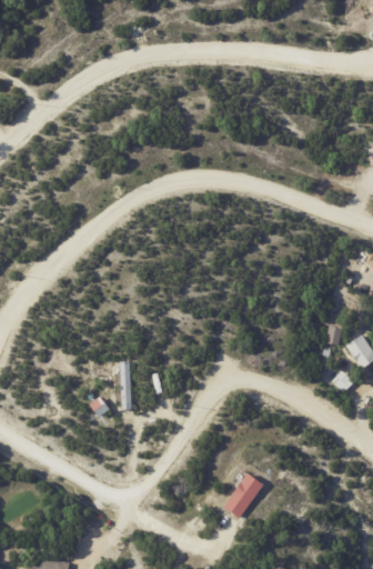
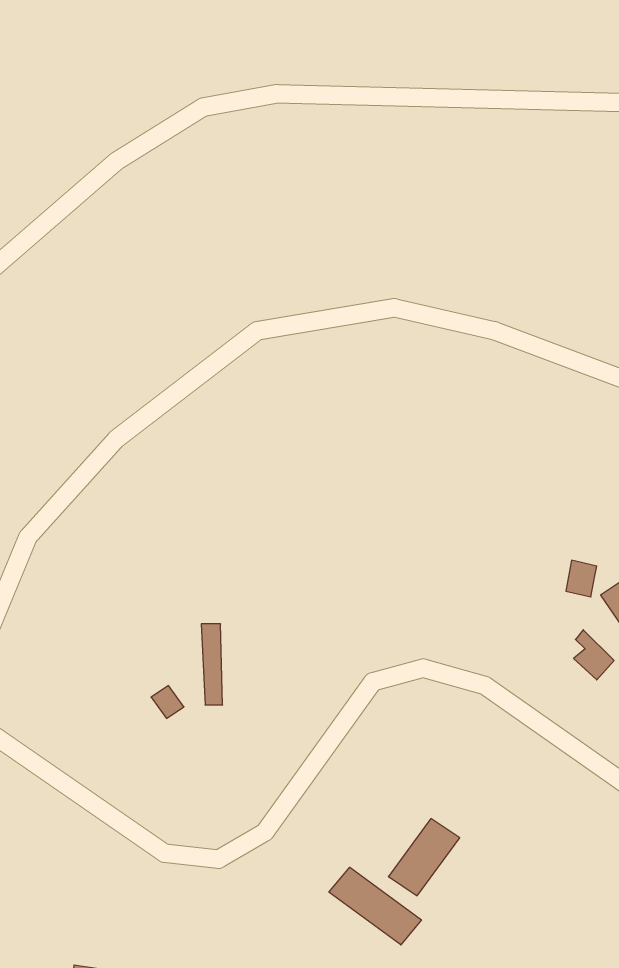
building: none -> [329,867,421,945]

